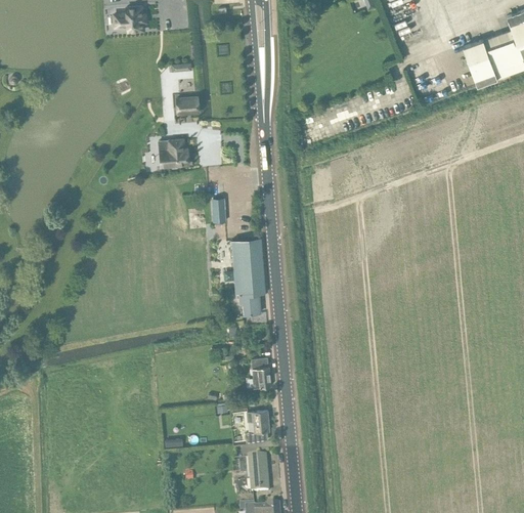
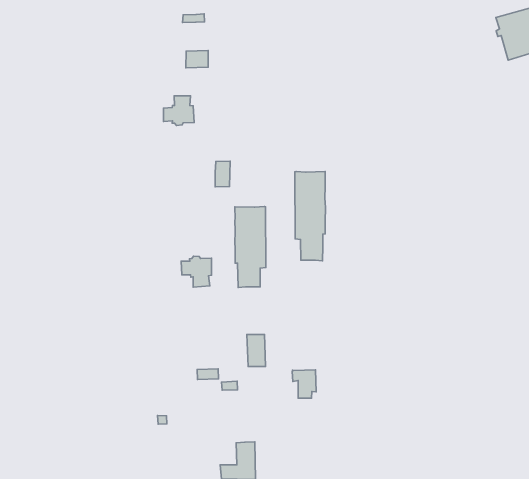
building: none -> [295,172,326,261]
building: none -> [181,256,212,287]
building: [247,410,270,437] -> [292,370,316,398]

